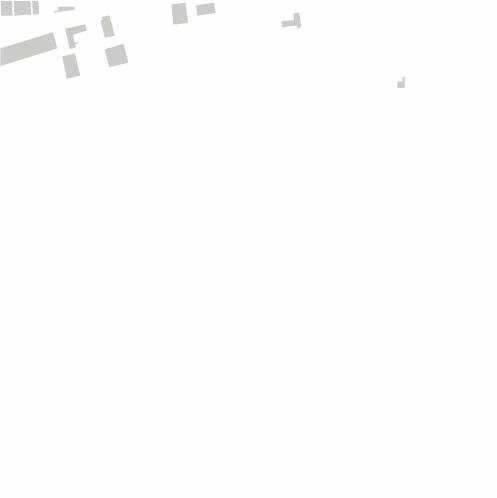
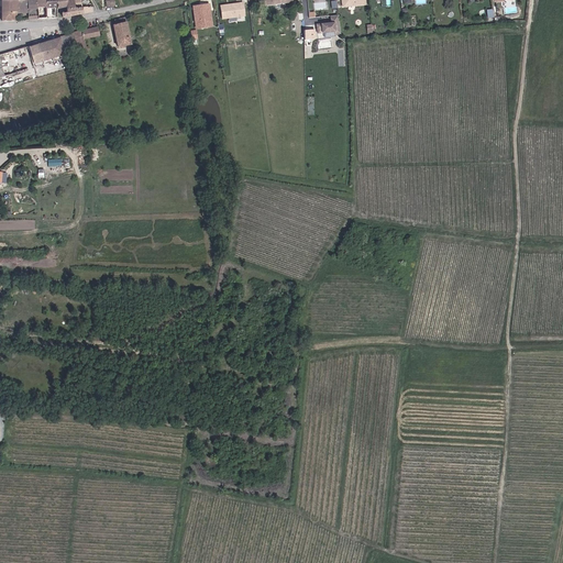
building: [104,43,129,68] -> none
building: [61,53,81,79] -> none

